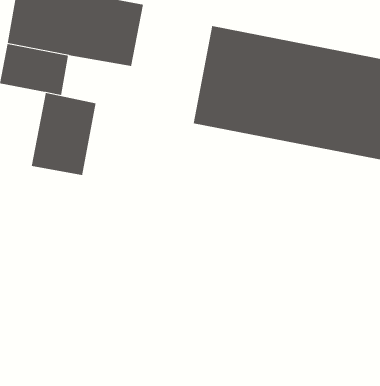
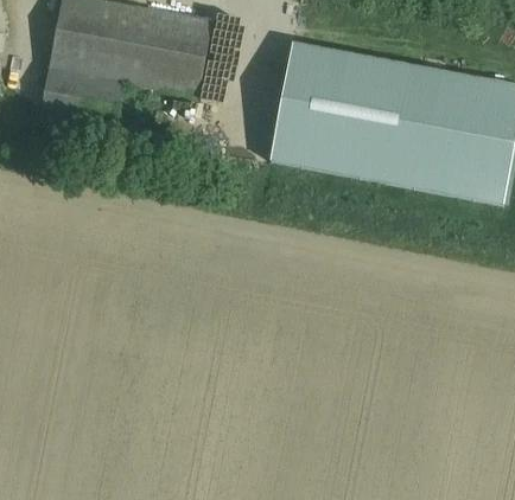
building: [31,92,96,176] -> none

